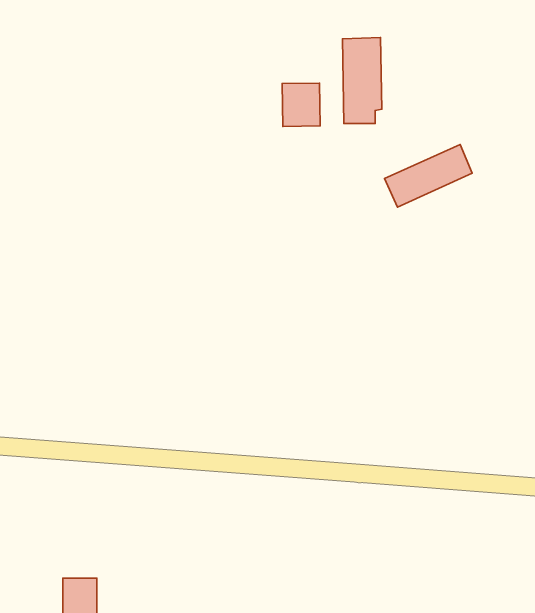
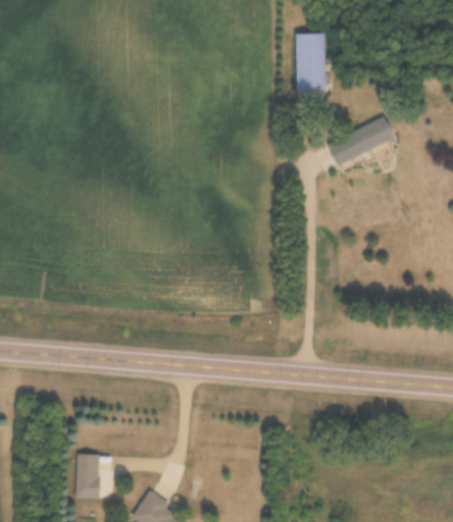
building: [282,83,320,126] -> none

